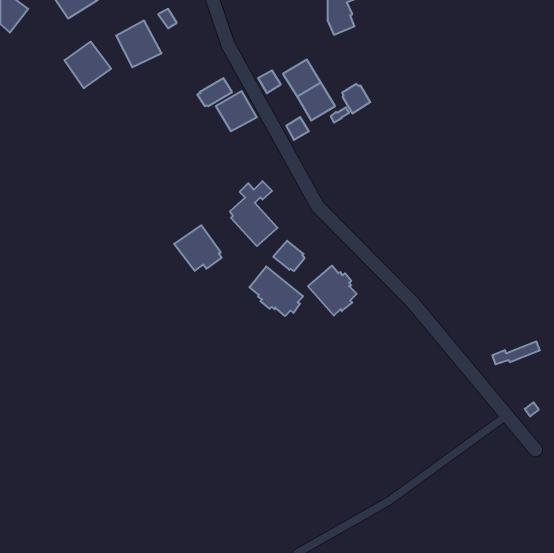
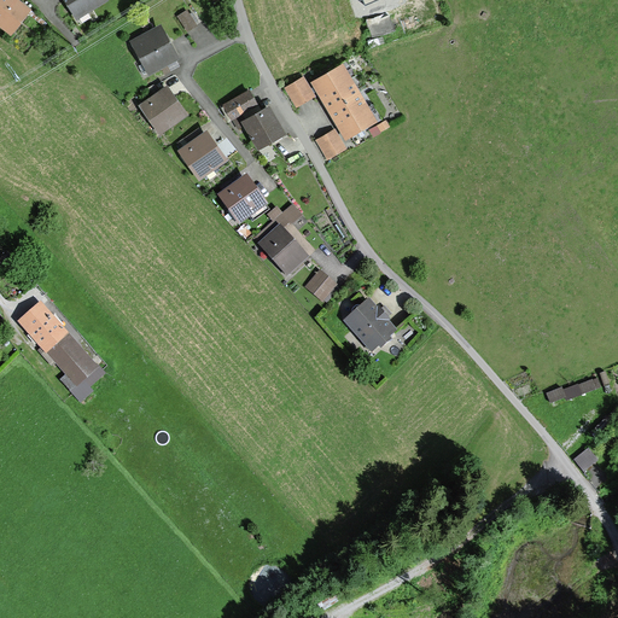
building: [64,42,111,88] -> [138,82,190,134]
building: [342,84,370,114] -> none
building: none -> [176,126,228,177]
building: [174,225,222,271] -> [216,171,269,222]
building: [249,266,303,316] -> none
building: none -> [17,298,105,401]

